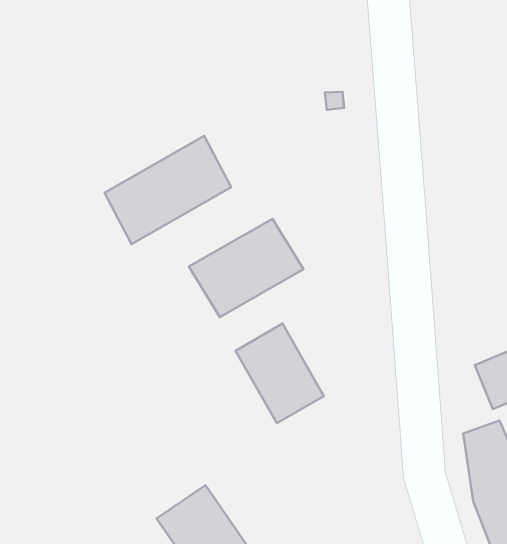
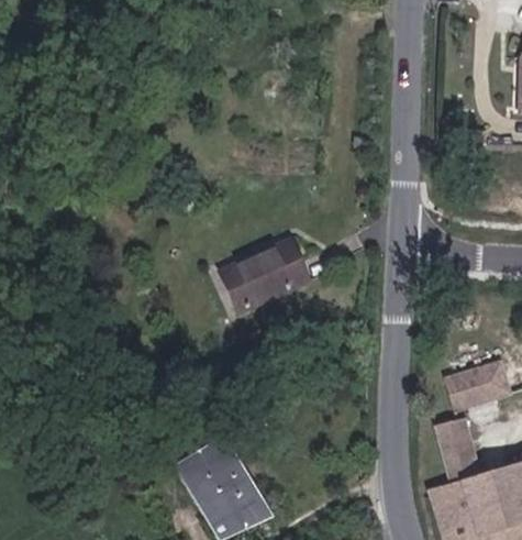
building: [104,136,231,244] -> none
building: [235,323,324,423] -> none

